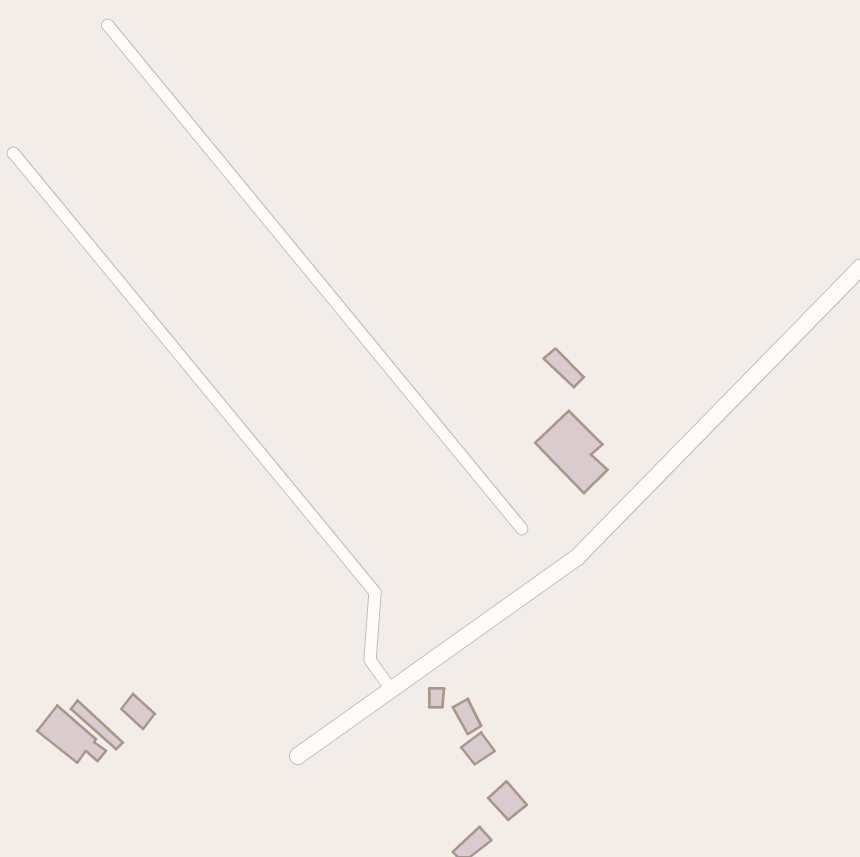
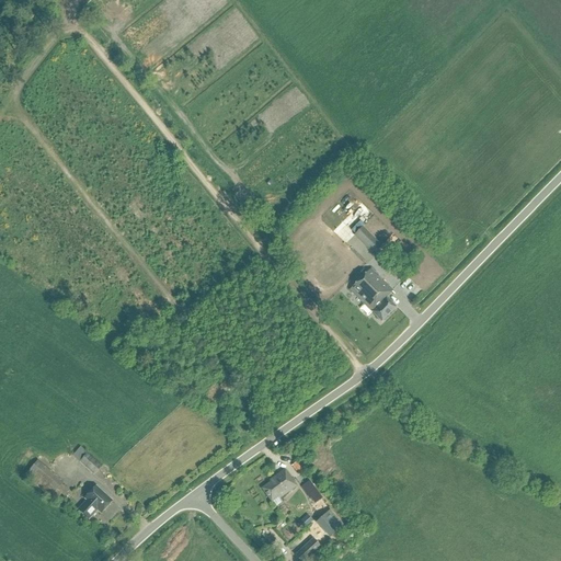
building: none -> [261,469,296,501]
building: none -> [78,484,112,518]

